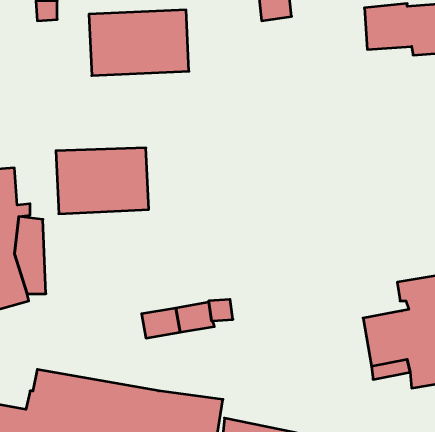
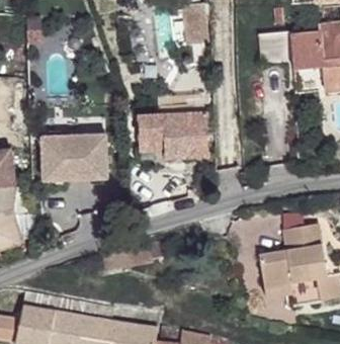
building: [89,10,189,76] -> [139,112,209,159]

